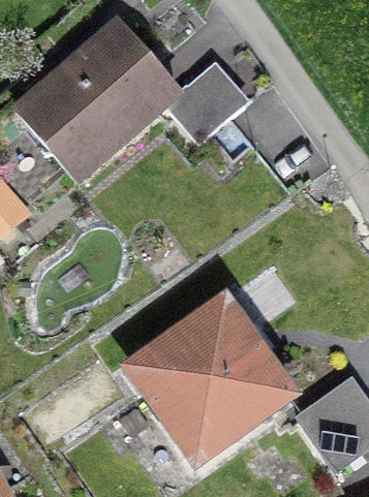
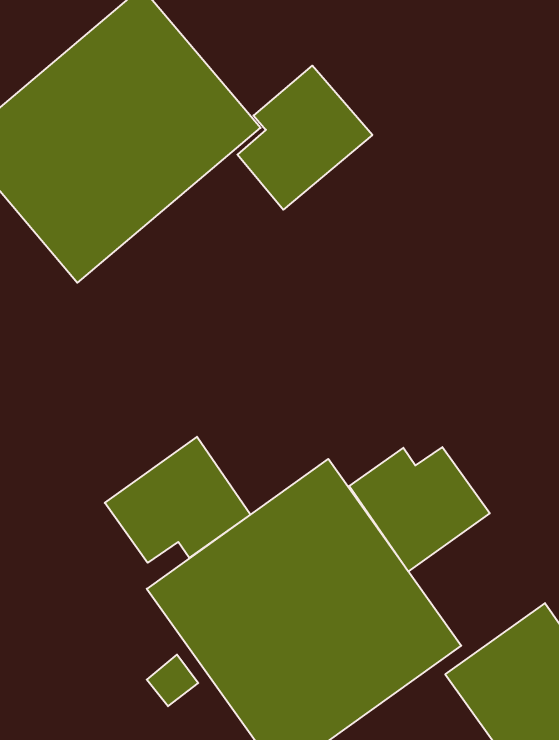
building: none -> [105,437,251,563]
building: none -> [349,447,490,571]

